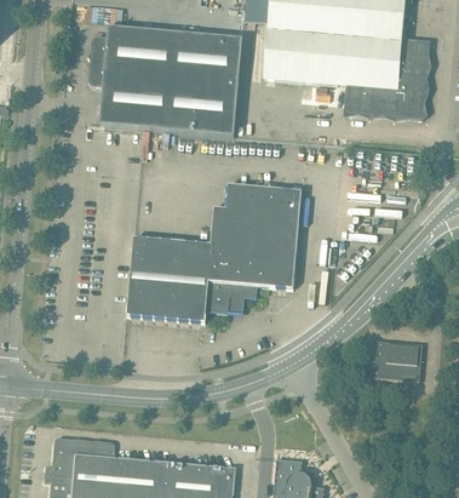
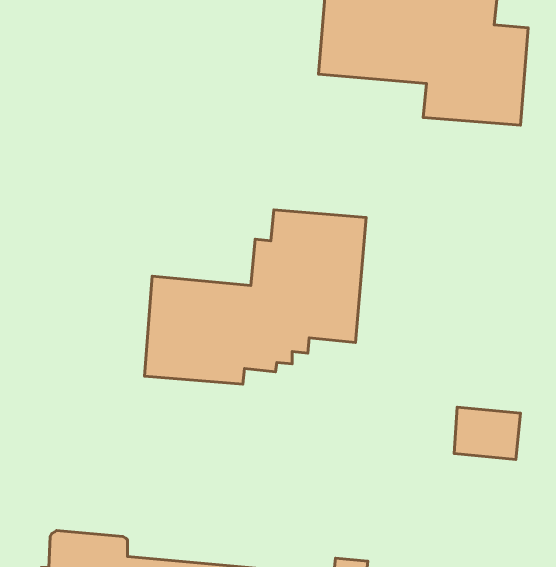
building: [88,27,242,136] -> none

